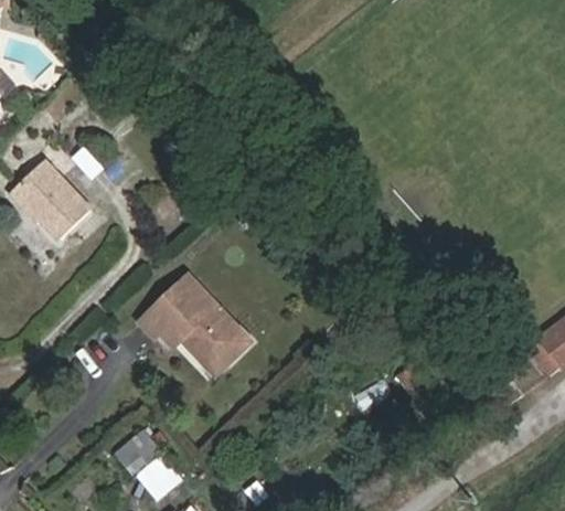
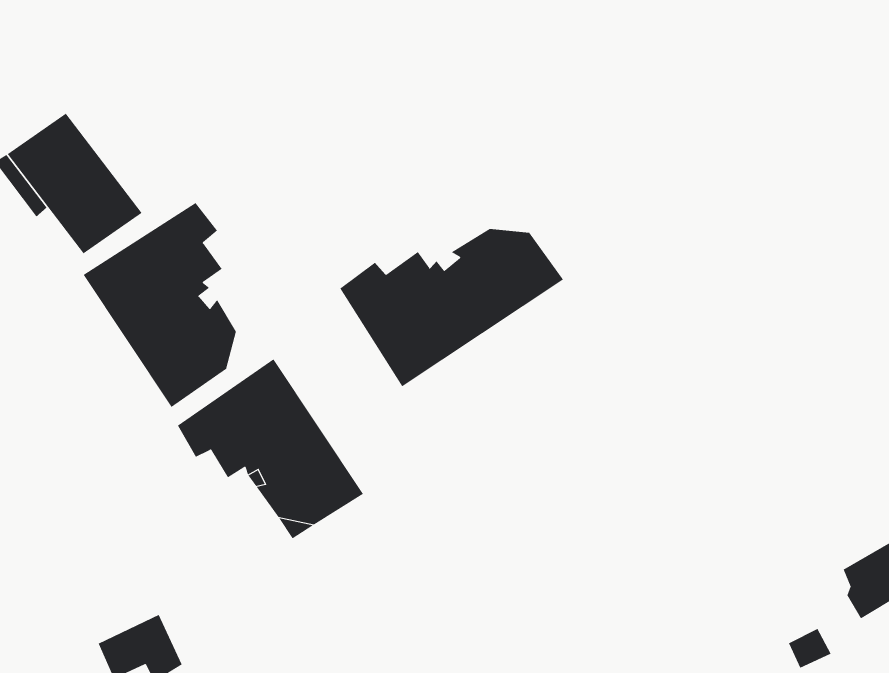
building: none -> [339,228,564,387]
building: none -> [83,202,236,408]

